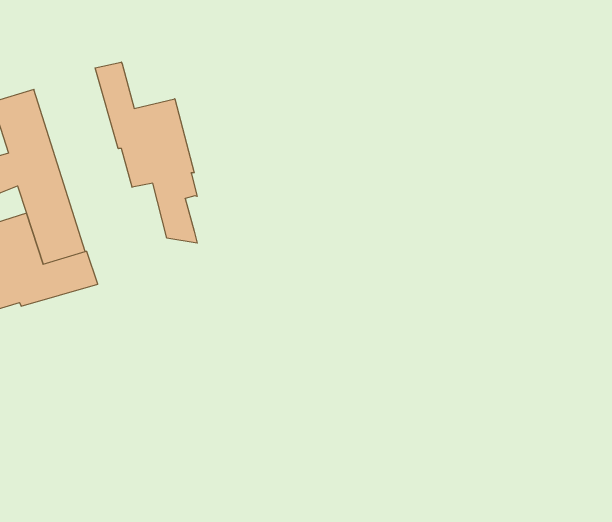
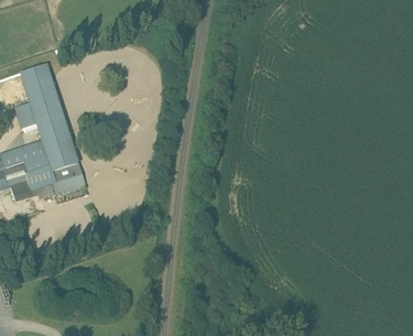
building: [95,62,197,243] -> none

